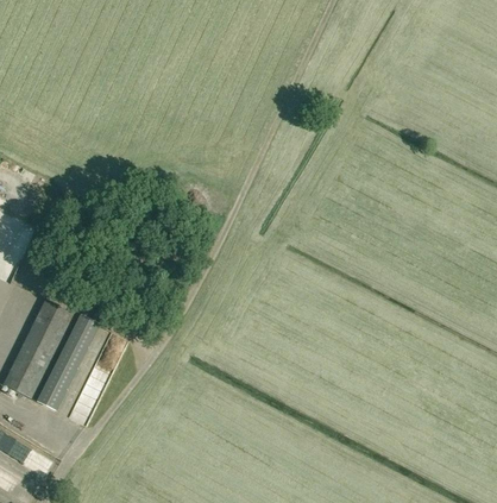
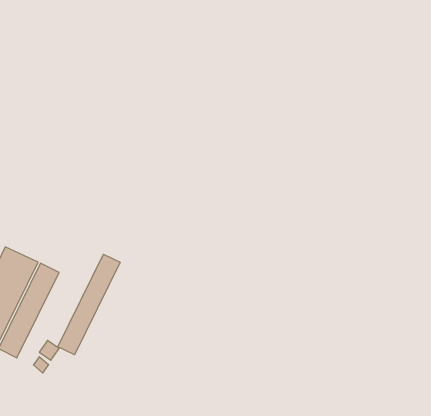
building: none -> [58,254,120,355]

